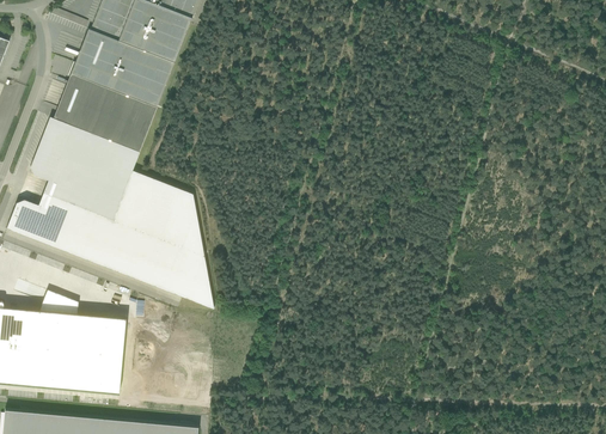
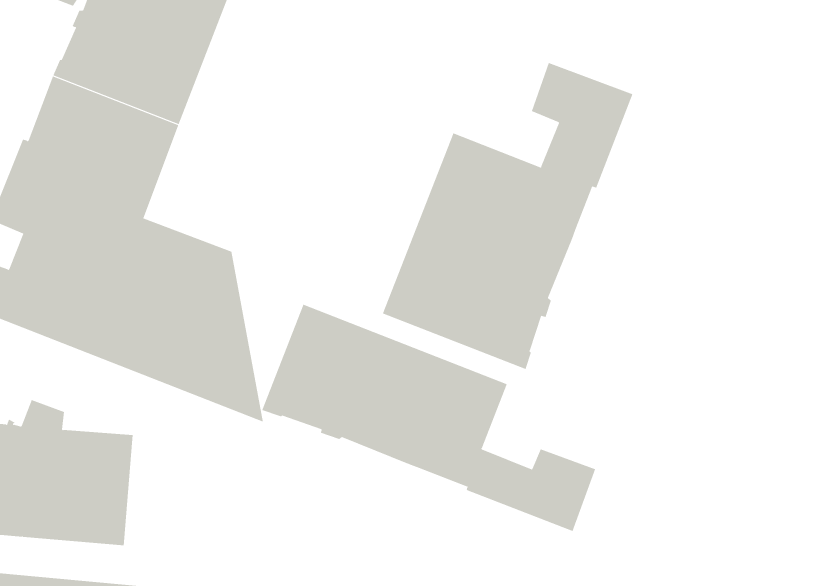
building: none -> [382,62,633,370]
building: none -> [262,304,596,532]

